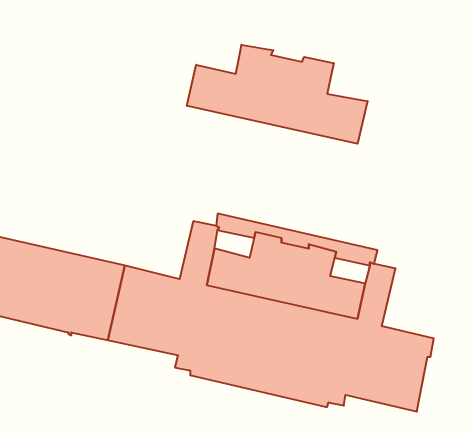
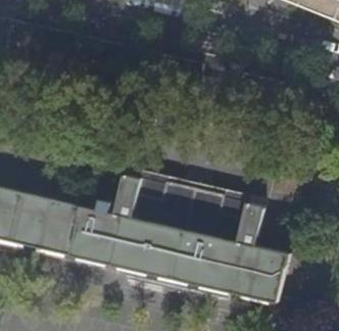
building: [187,45,368,144] -> none

